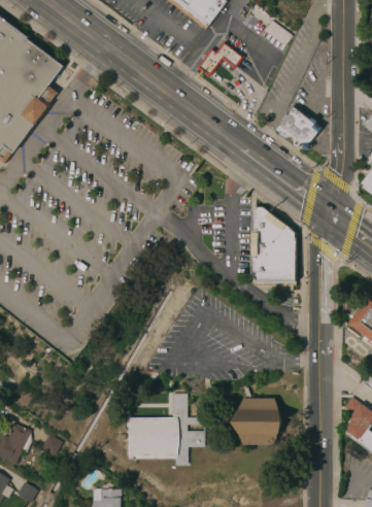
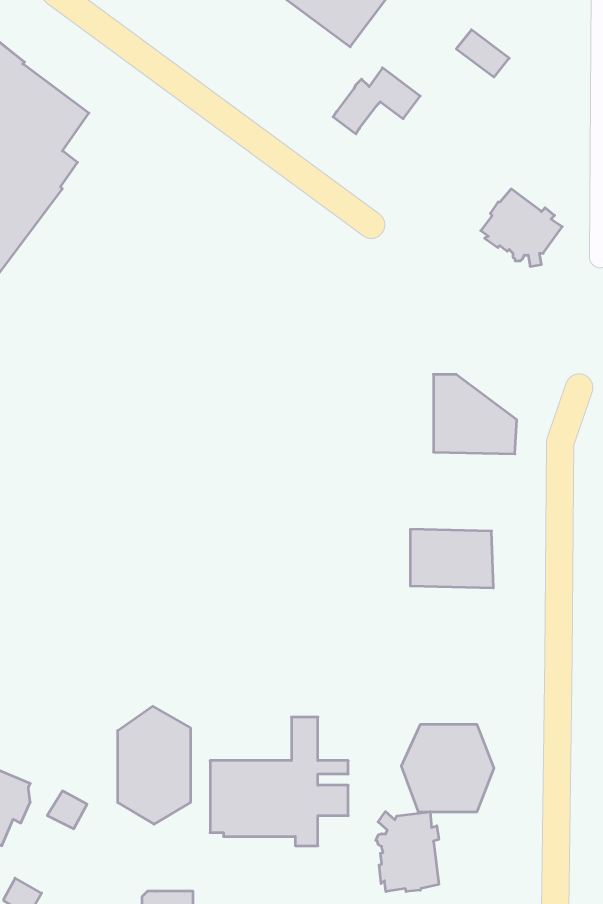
building: [250,249,296,281] -> [410,529,493,588]
building: none -> [118,706,190,824]
building: none -> [376,812,439,892]

